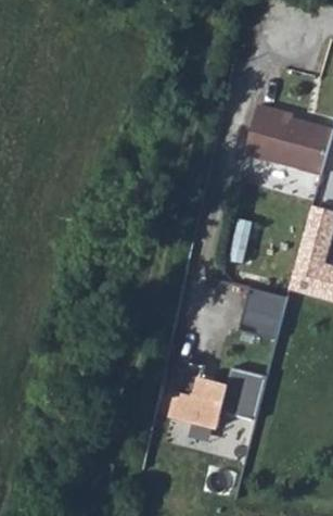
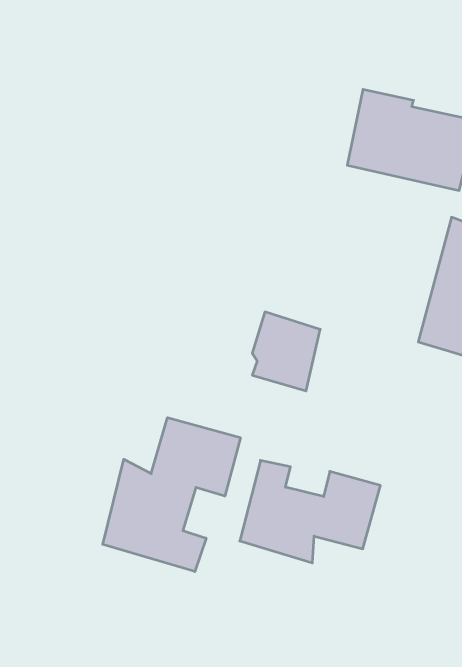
building: [241,279,287,333] -> [252,312,320,391]
building: none -> [103,418,240,572]

